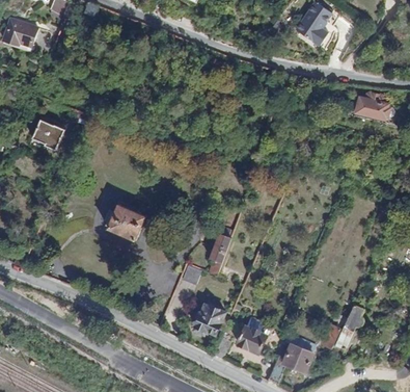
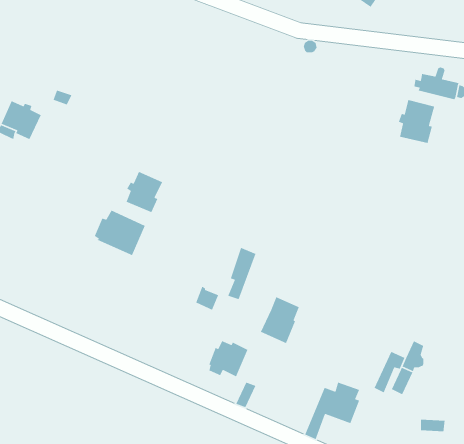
building: none -> [398,99,435,144]
building: none -> [125,171,163,213]
building: [239,316,270,354] -> [260,296,300,344]

